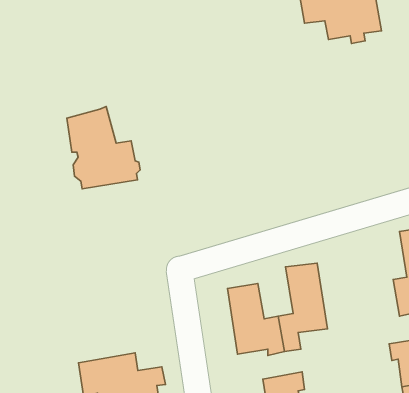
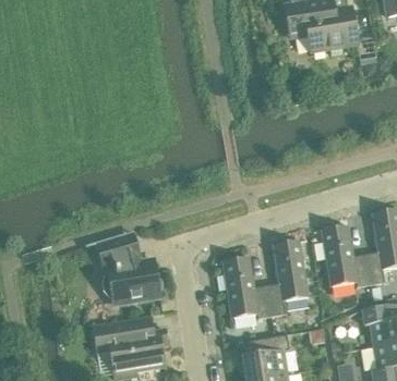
building: [67,107,140,189] -> [100,233,164,304]
building: none -> [322,226,372,288]

